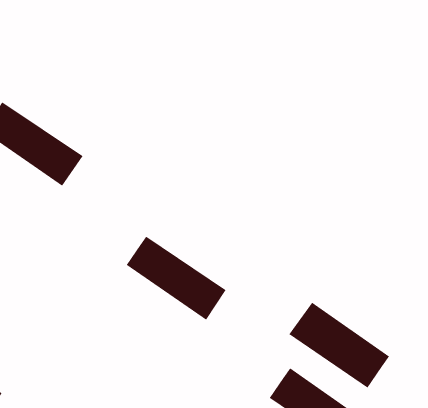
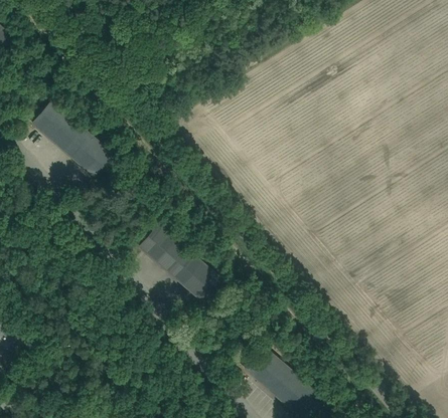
building: [289,302,390,389] -> none

